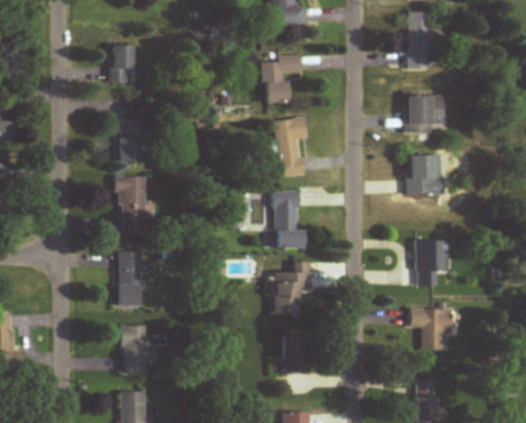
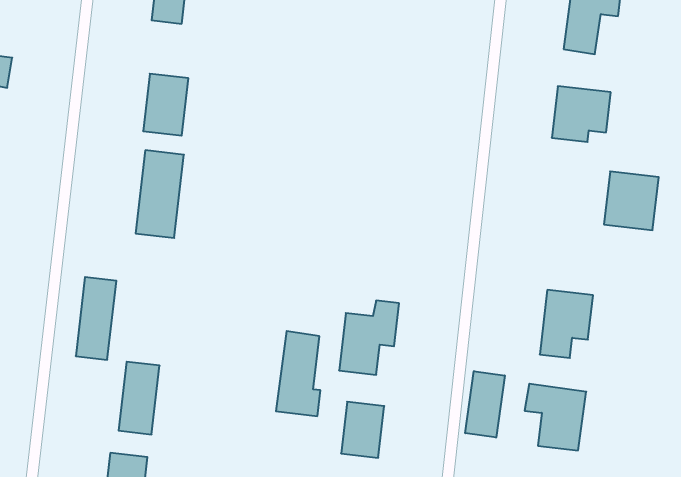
building: [263,54,303,103] -> none
building: [274,117,307,178] -> none
building: [407,156,442,194] -> [604,171,659,230]
building: [274,191,304,248] -> [276,331,320,416]
building: [119,251,142,307] -> [76,277,116,360]
building: none -> [465,371,505,438]

